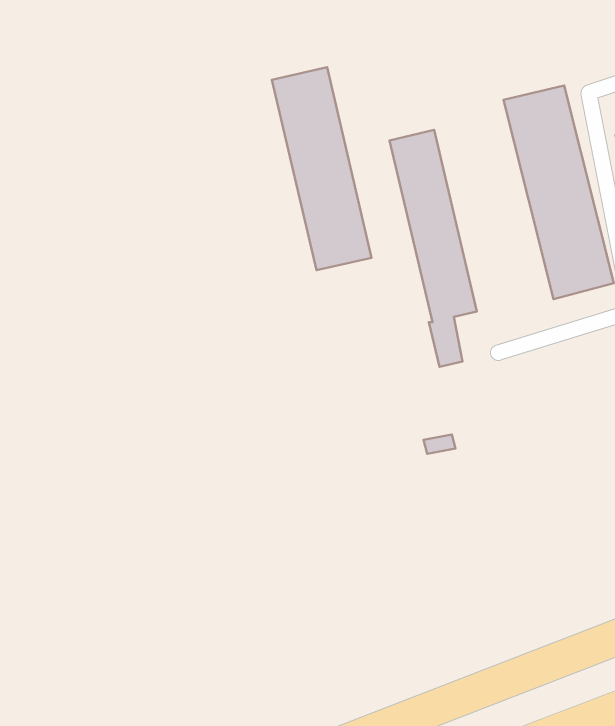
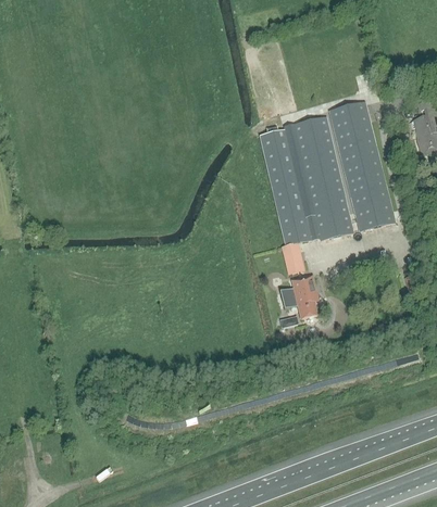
building: [272,67,372,270] -> [291,116,352,240]
building: none -> [278,276,315,318]

